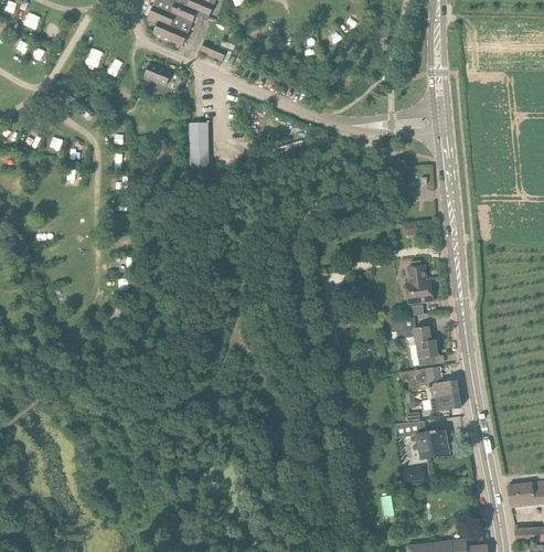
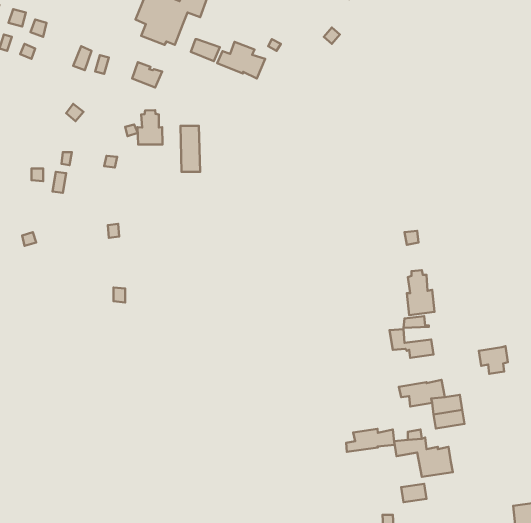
building: none -> [217,42,265,79]
building: none -> [138,110,162,144]
building: [408,340,436,367] -> [479,346,508,374]
building: none -> [346,429,394,452]

